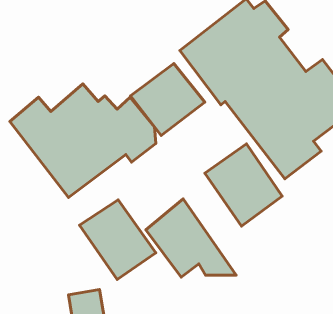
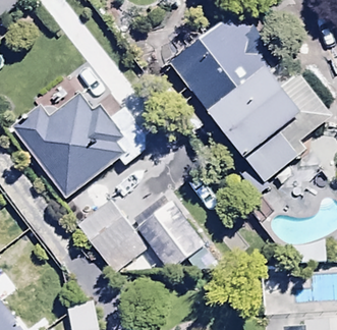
building: [131,63,205,135] -> none
building: [205,144,282,226] -> none

